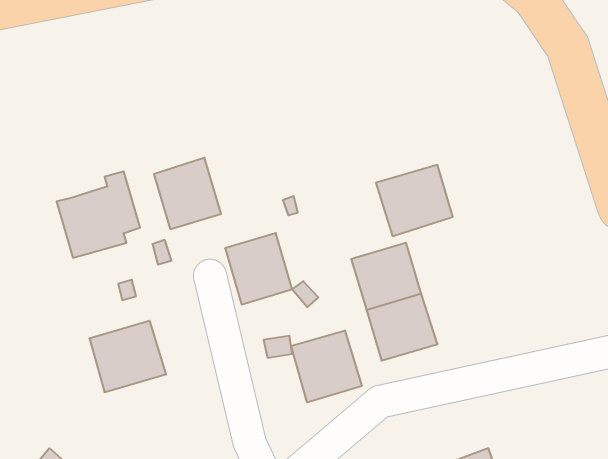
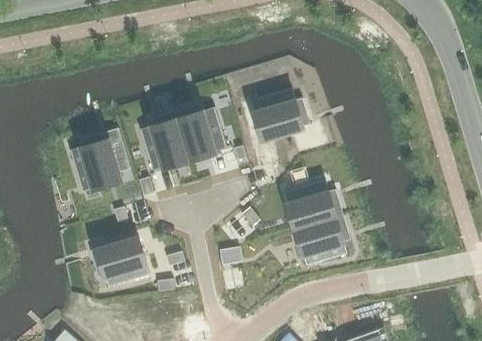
building: [376,165,453,236] -> [250,86,306,138]
building: [225,233,292,304] -> [177,106,226,158]
building: [291,330,362,402] -> none

